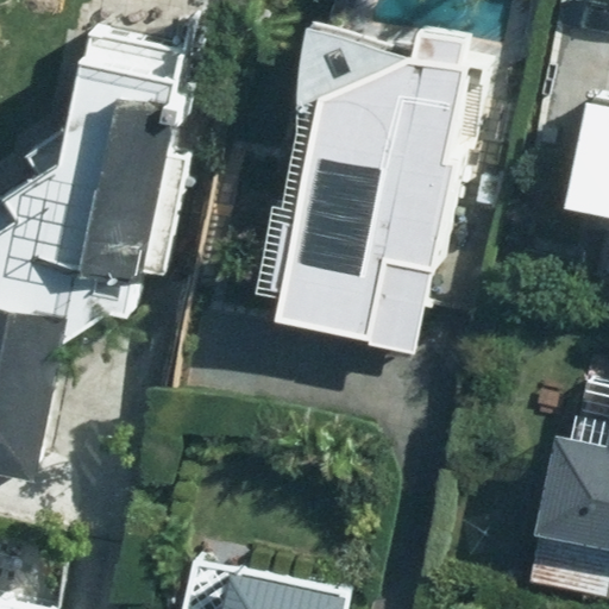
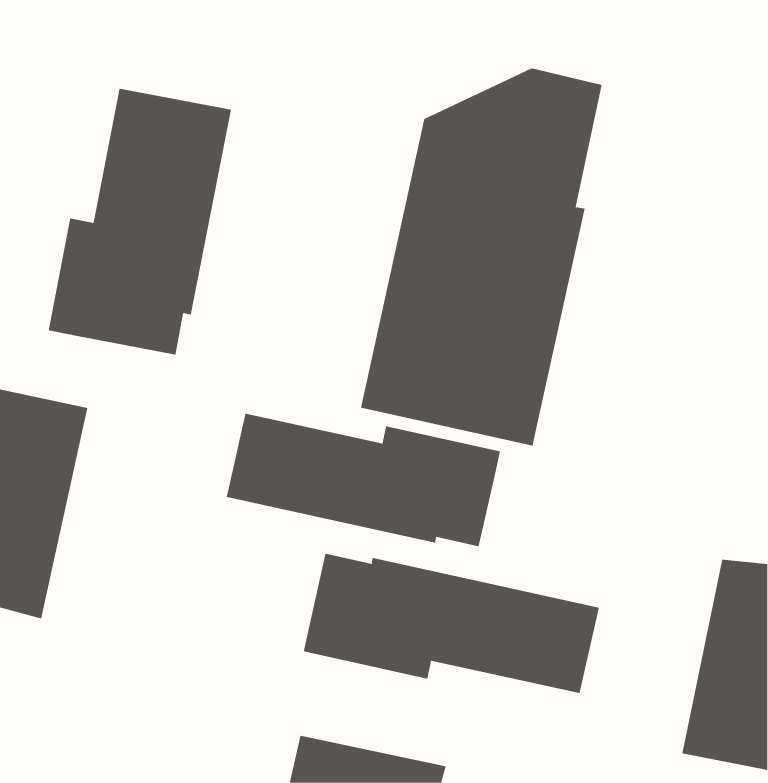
building: none -> [226,413,500,547]
building: none -> [303,553,599,694]

